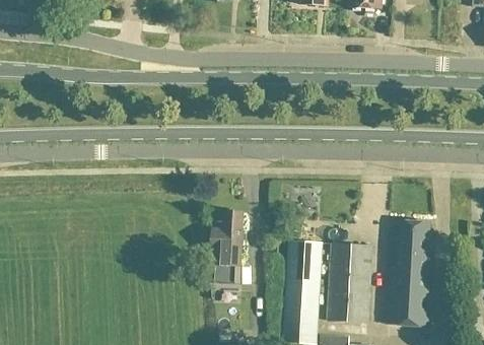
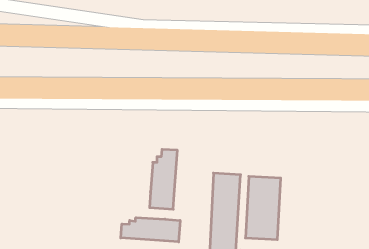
building: [387,218,434,324] -> none
building: none -> [121,218,180,242]

